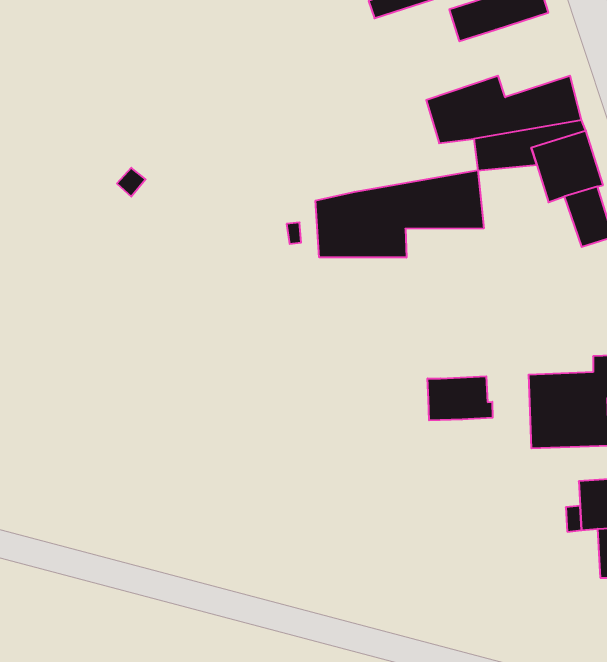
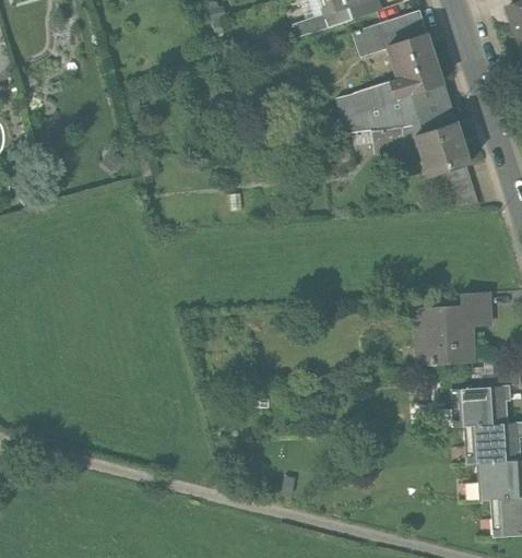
building: none -> [388,33,444,97]
building: [316,170,484,258] -> none
building: [428,376,493,420] -> none

